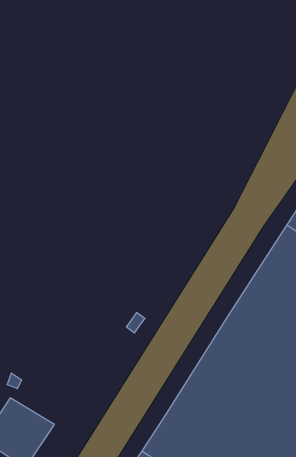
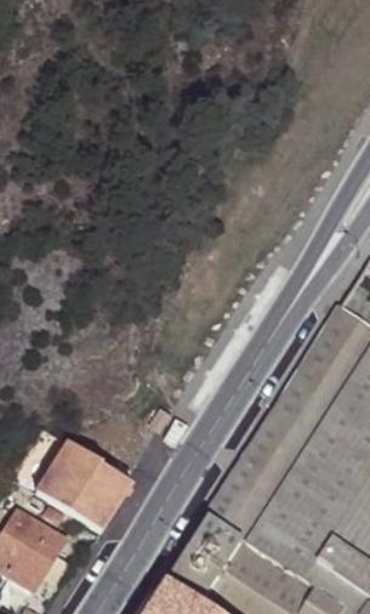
building: none -> [32,442,129,534]

